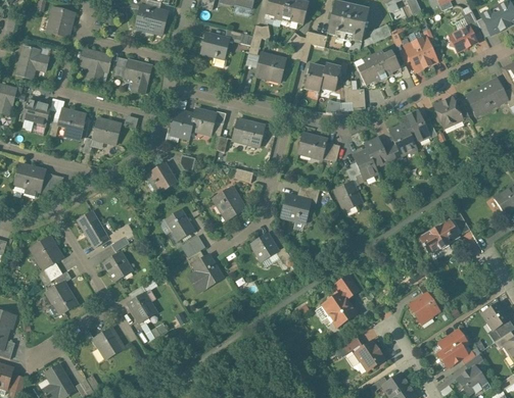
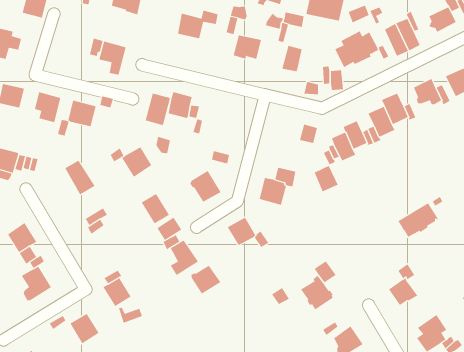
building: [79,48,110,81] -> none
building: [320,63,340,90] -> none
building: [232,118,264,145] -> none
building: [297,133,326,157] -> none
building: [78,211,108,246] -> [64,160,96,195]
building: [103,250,131,281] -> none
building: none -> [191,265,221,295]

